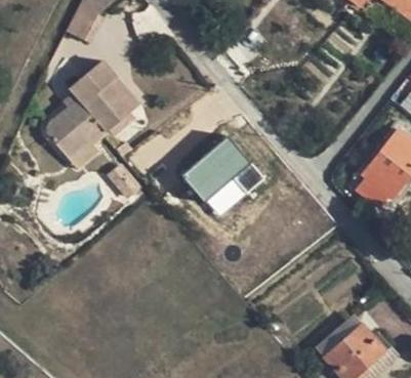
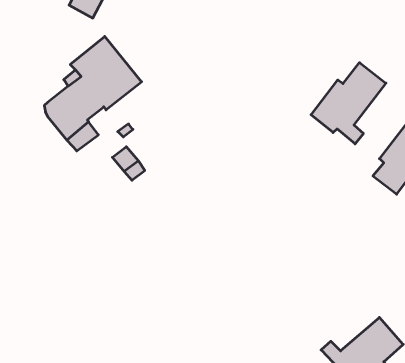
building: none -> [311,63,386,144]
building: [181,137,263,218] -> none

